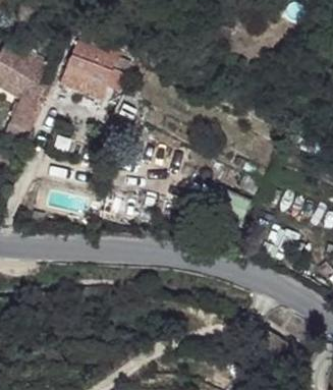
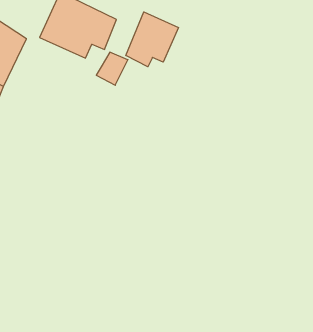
building: none -> [126,12,179,67]

